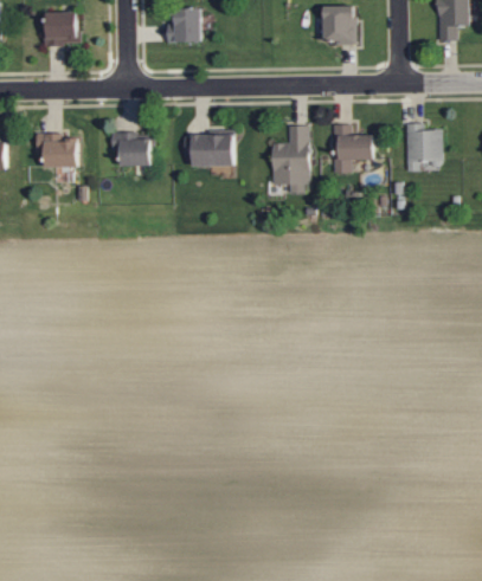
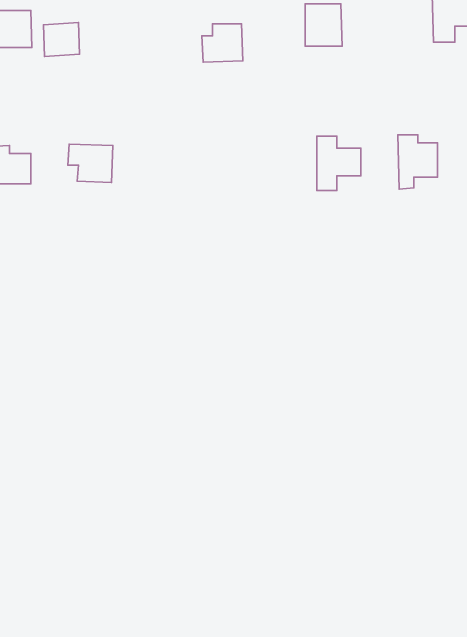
building: [166,8,203,43] -> [202,24,243,62]
building: none -> [43,22,80,56]
building: [272,125,309,185] -> none
building: [185,133,234,166] -> none

